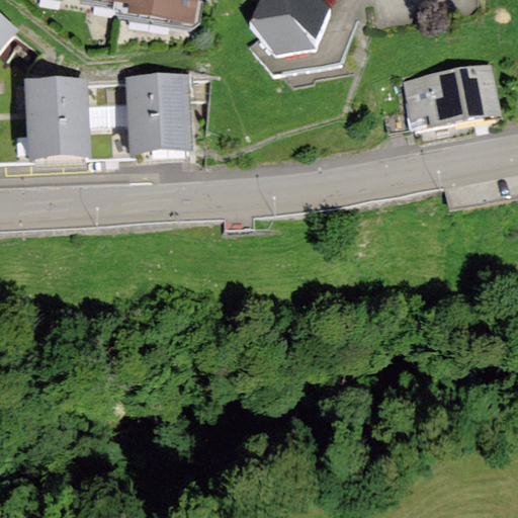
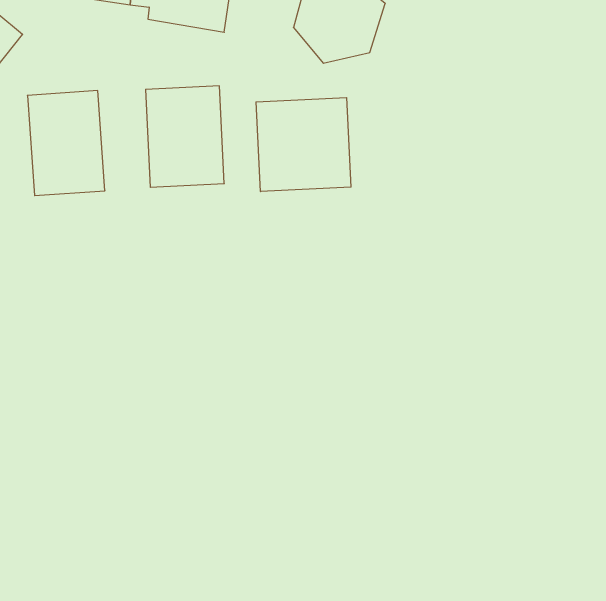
building: [406,58,504,130] -> none
building: none -> [256,98,351,192]

